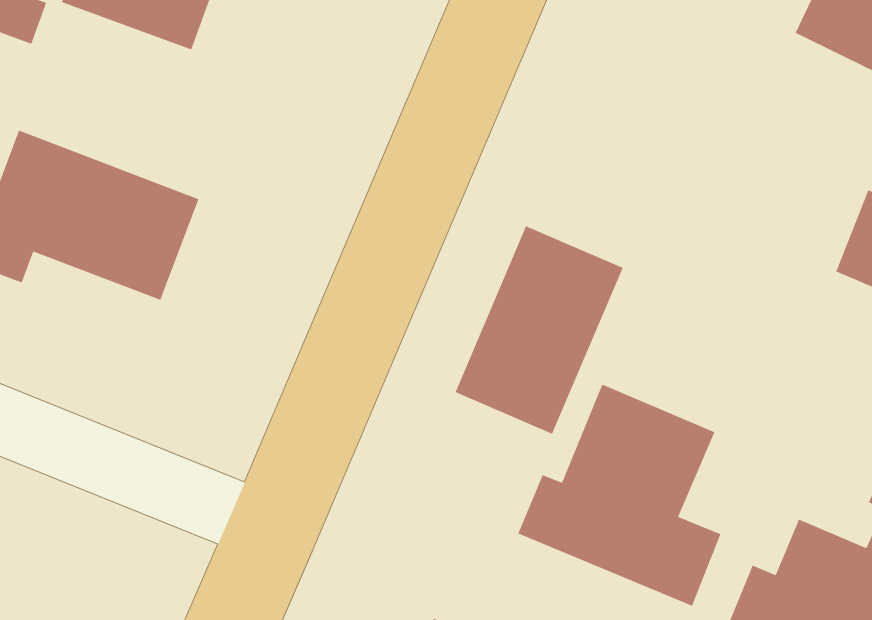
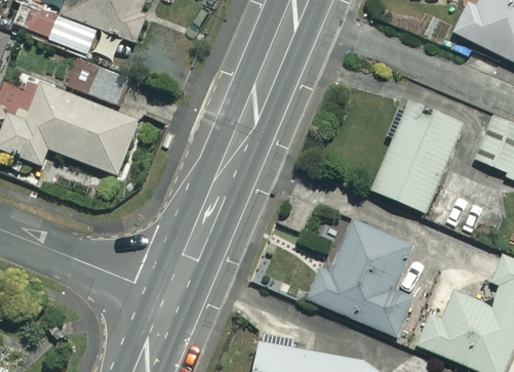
building: none -> [67,58,129,107]
building: [454,225,624,435] -> [371,101,462,213]

